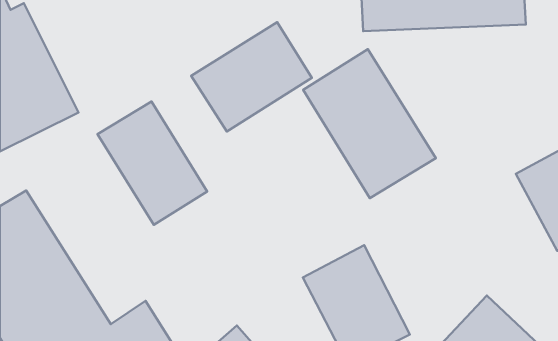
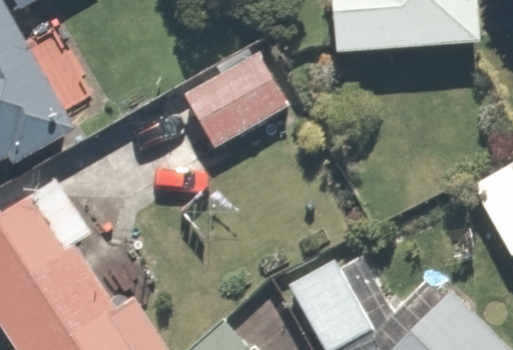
building: [303,49,436,198] -> none
building: [97,101,207,225] -> none

